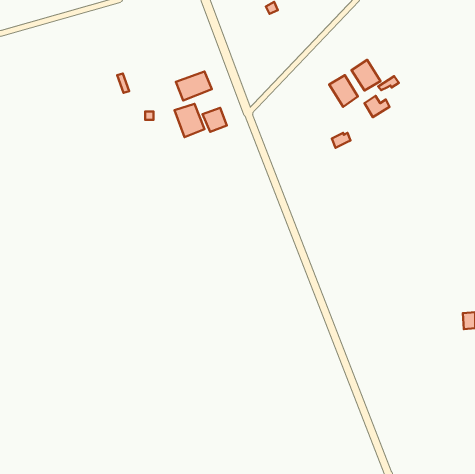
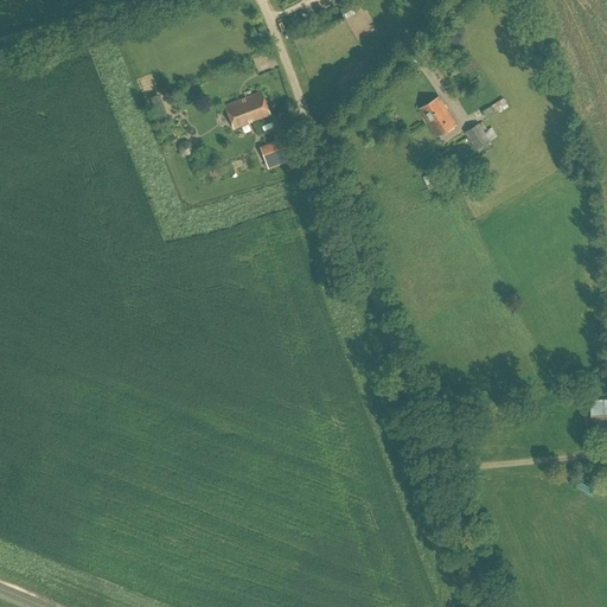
building: [352,60,381,90] -> none
building: [175,104,204,137] -> none

